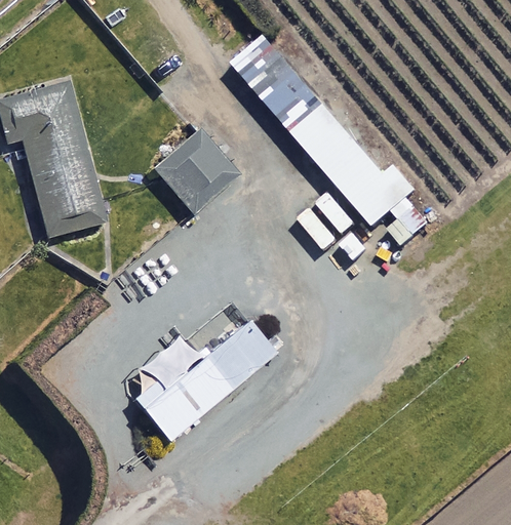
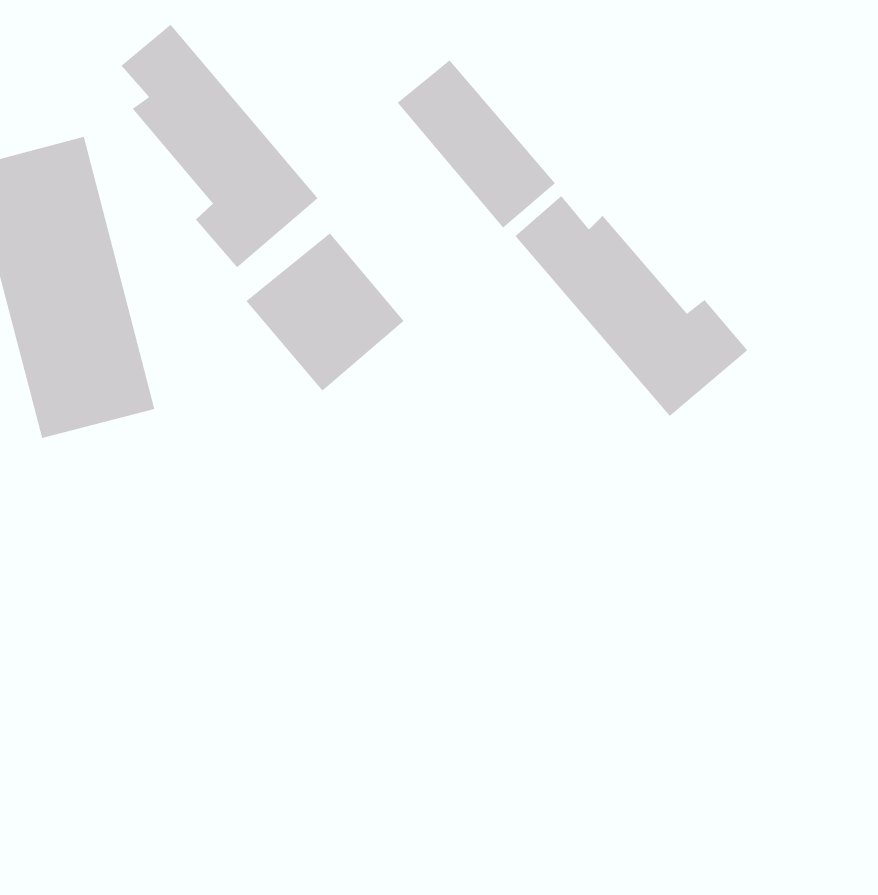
building: none -> [120,24,318,268]
building: [133,321,275,440] -> none

